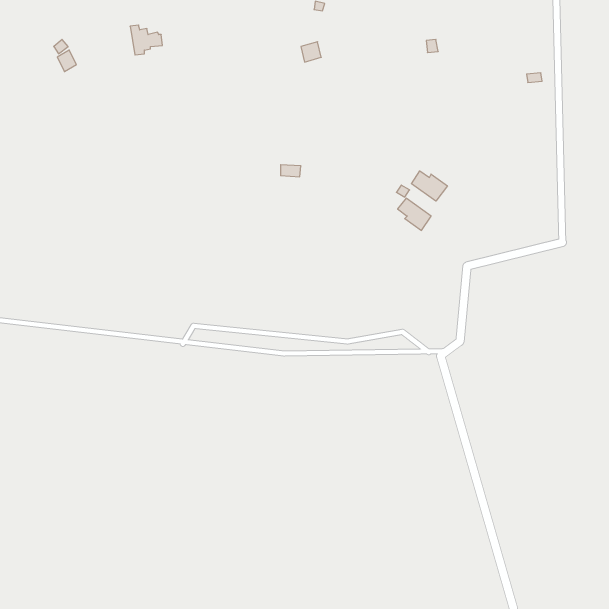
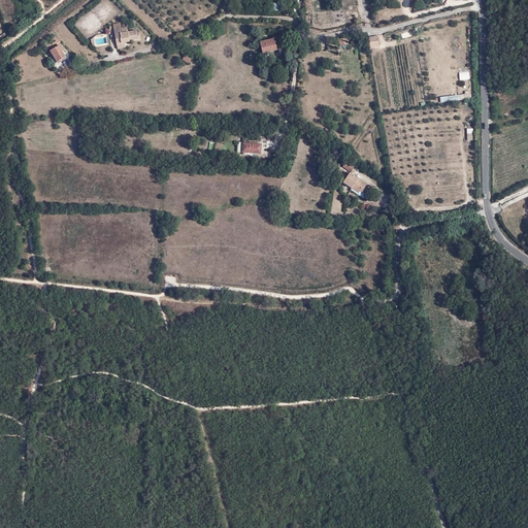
building: [411,171,447,201] -> none

